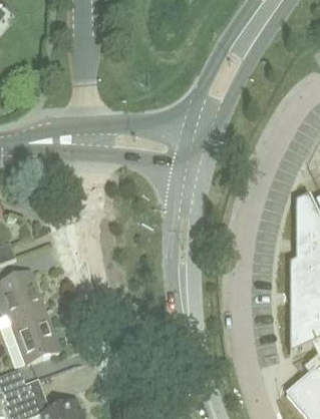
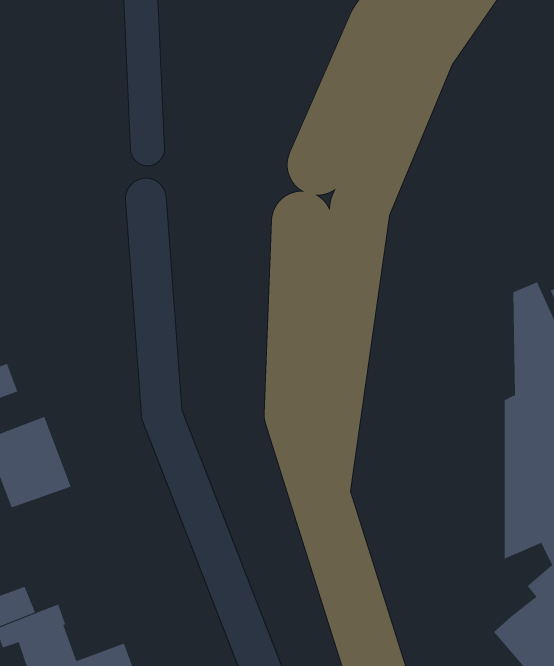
building: [12,313,60,364] -> none

